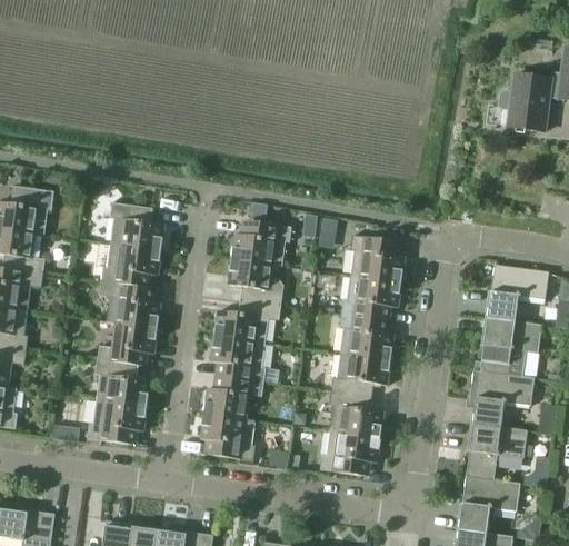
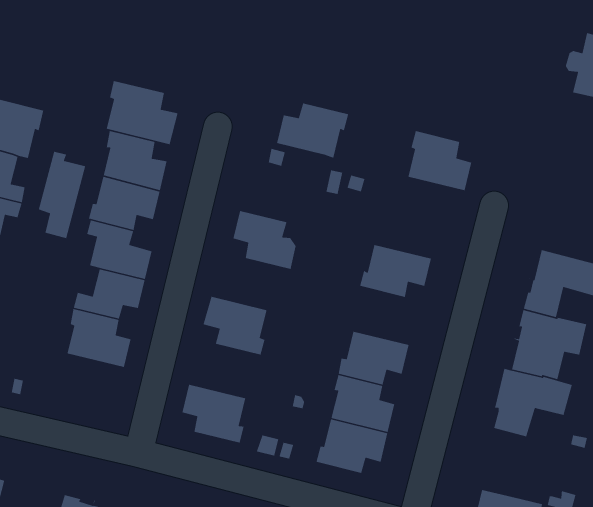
building: none -> [106,80,178,145]
building: [231,221,291,267] -> [276,102,349,159]
building: none -> [38,151,86,239]
building: [350,235,405,282] -> [407,130,472,191]
building: [214,300,281,343] -> none
building: [339,314,393,359] -> none
building: [203,377,263,419] -> none
building: [87,399,147,444] -> none
building: [465,424,527,480] -> none

